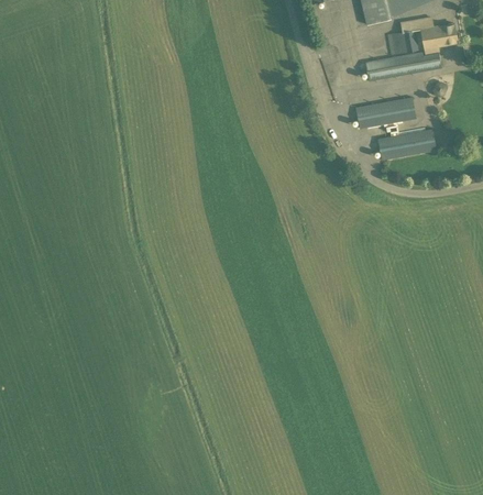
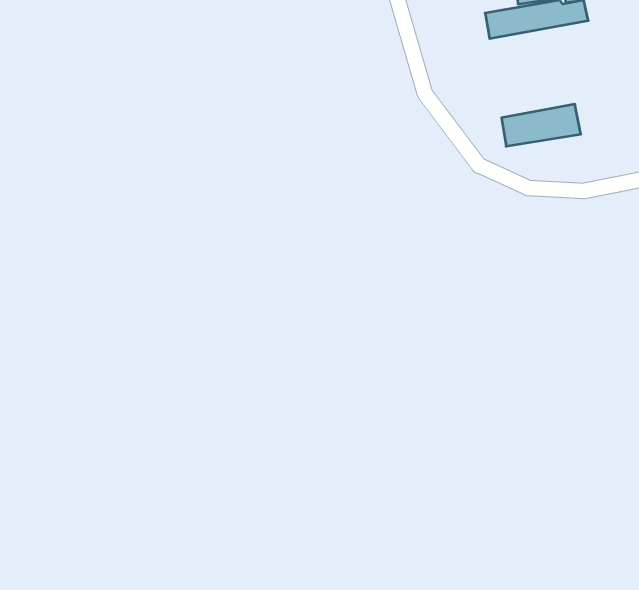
building: [356,97,417,129] -> none

